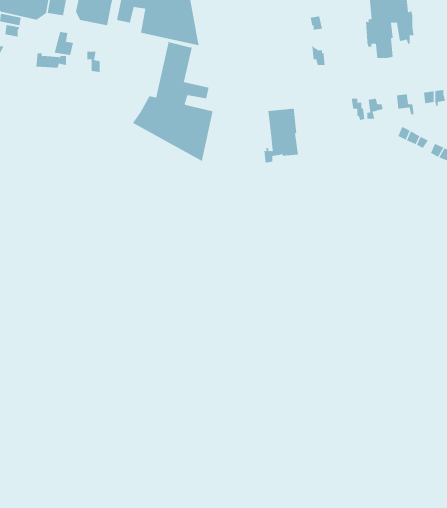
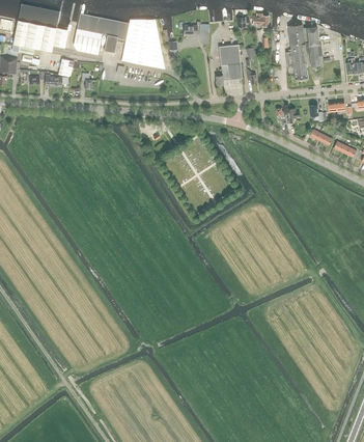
building: [132,41,213,162] -> none
building: [263,108,299,163] -> [216,45,242,85]

